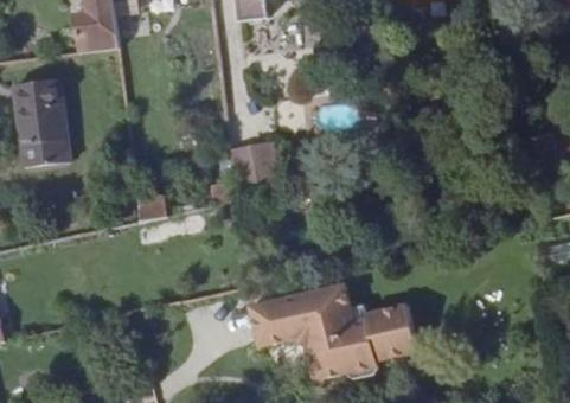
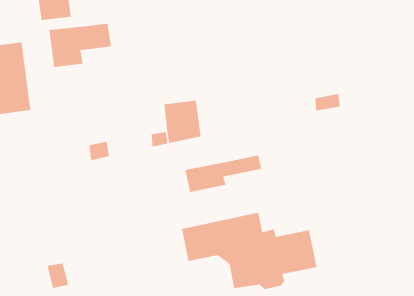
building: none -> [49,23,112,68]
building: none -> [184,155,262,193]

